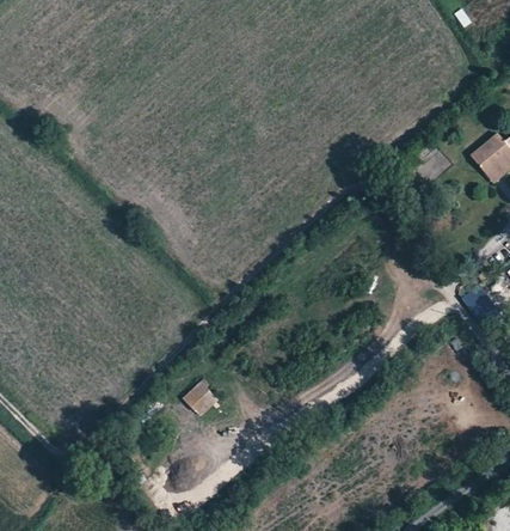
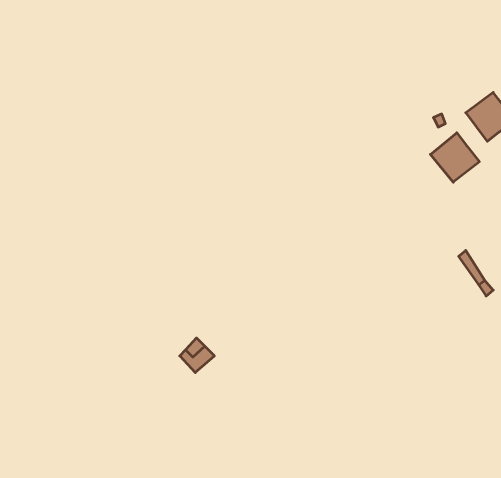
building: none -> [430,133,479,182]

